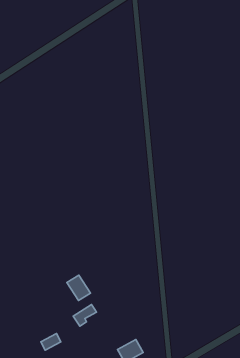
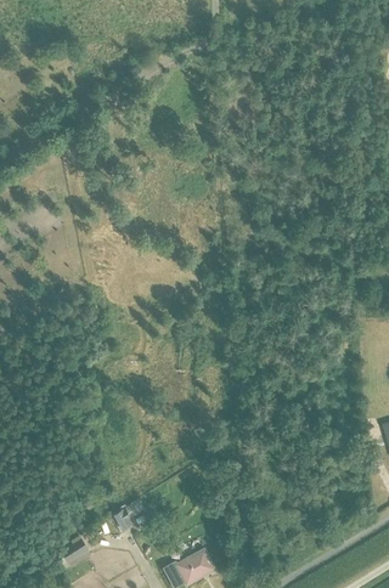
building: [67,275,90,301] -> none

